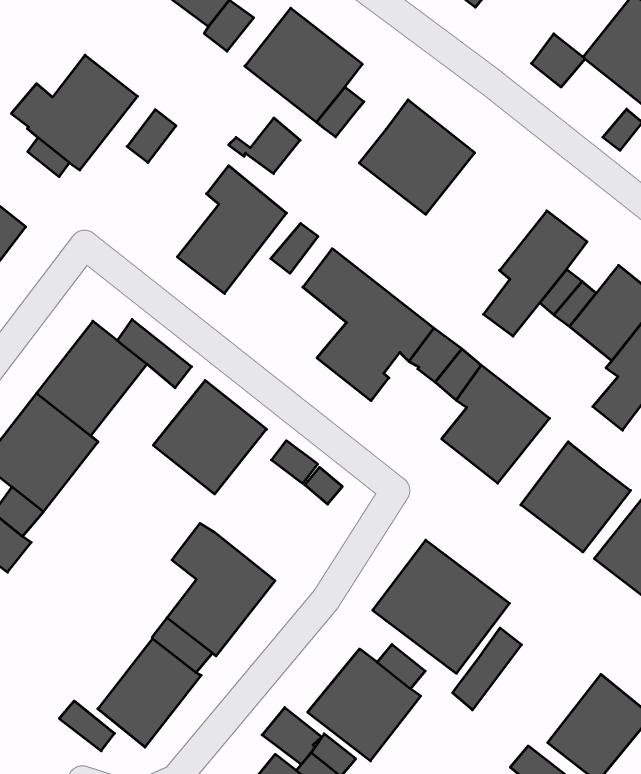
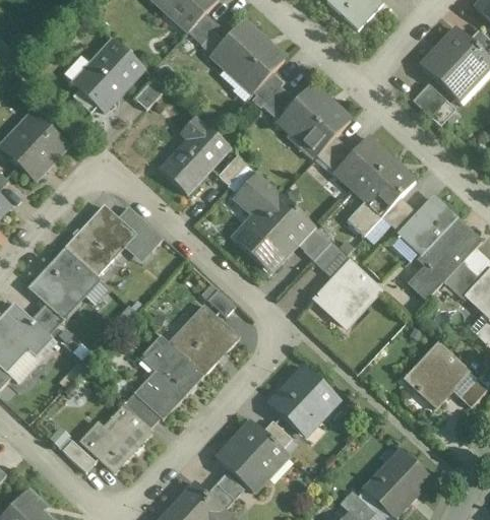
building: [531,34,585,87] -> [413,83,446,117]
building: [229,118,300,174] -> [251,85,296,120]
building: none -> [334,136,391,194]
building: [153,380,267,494] -> [168,304,239,375]
building: [521,442,631,552] -> none
building: [453,628,522,710] -> none
building: [262,707,322,764] -> none

